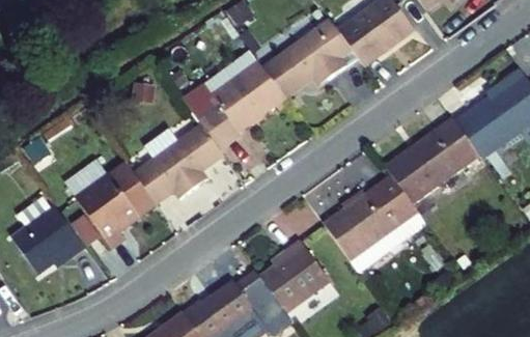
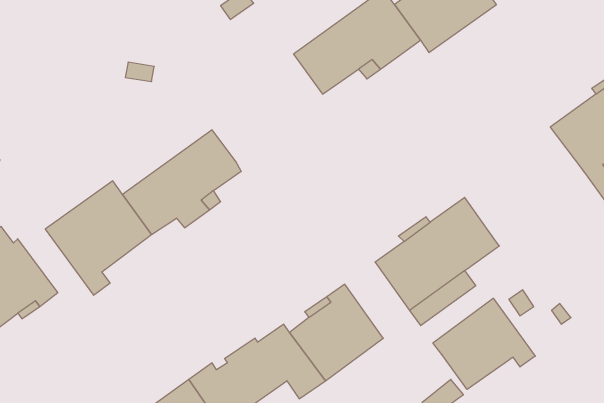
building: [185,62,284,147] -> none
building: [385,117,480,203] -> none
building: none -> [433,298,535,389]

